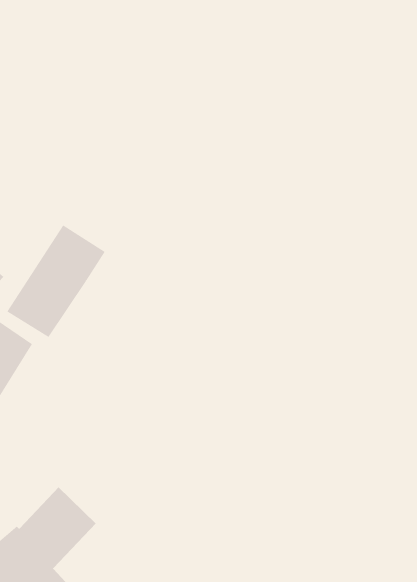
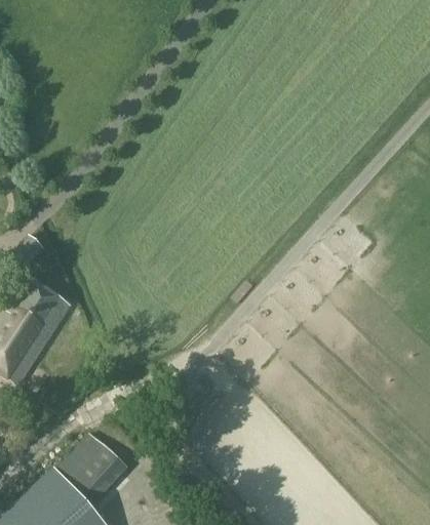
building: [6,224,106,338] -> none

